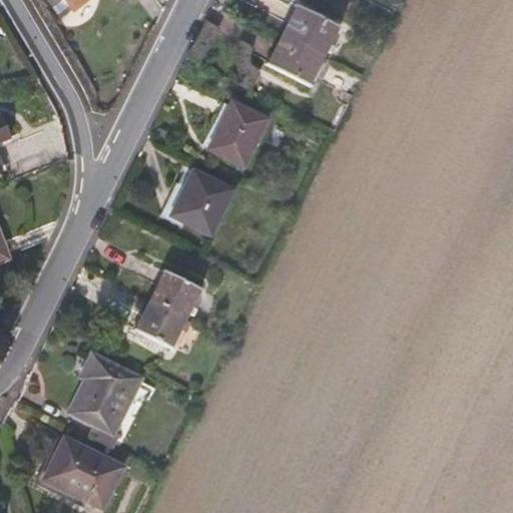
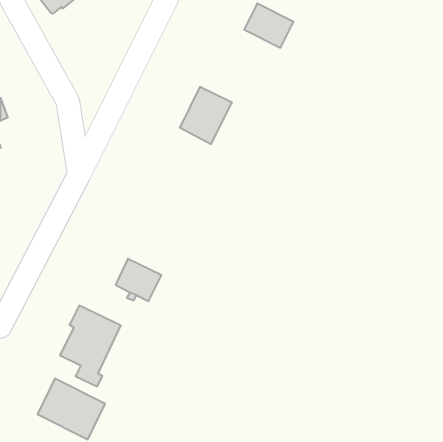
building: [268,34,325,85] -> none
building: [171,170,232,234] -> none
building: [148,269,202,318] -> none

